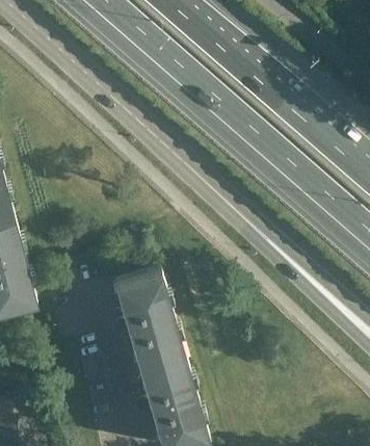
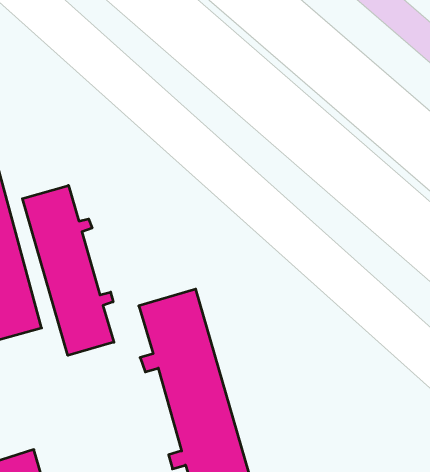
building: none -> [22,185,114,355]

